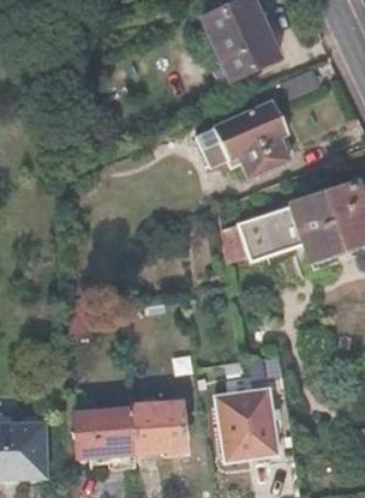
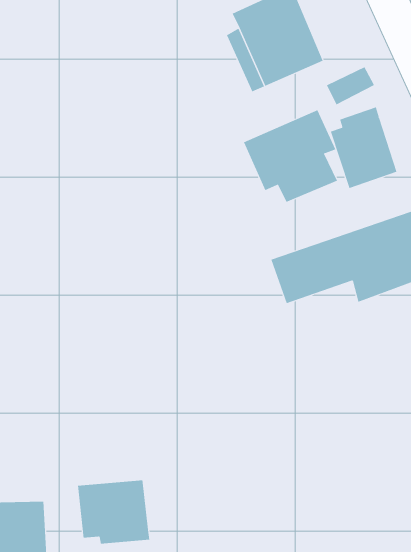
building: none -> [330,107,397,189]
building: [213,384,280,457] -> none
building: [128,401,184,451] -> none

